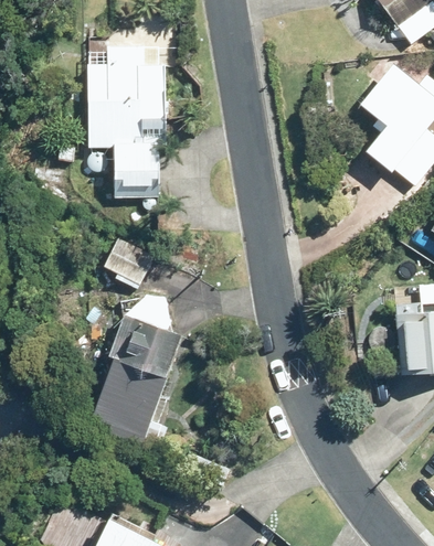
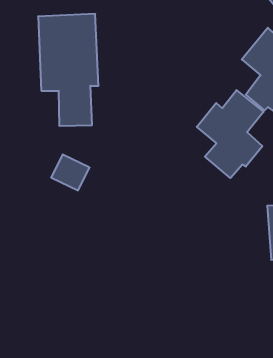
building: none -> [197,90,264,178]
building: [92,319,180,446] -> none

